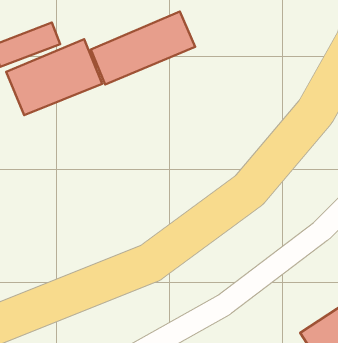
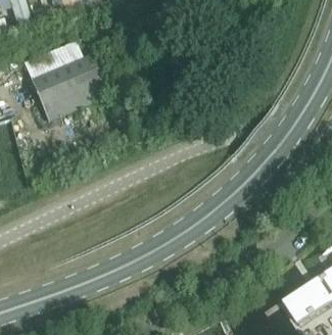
building: [91,11,195,84] -> none

